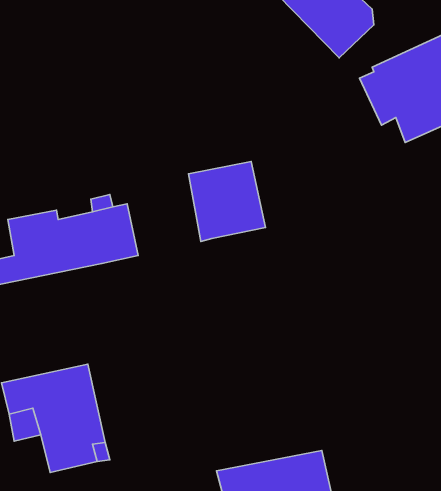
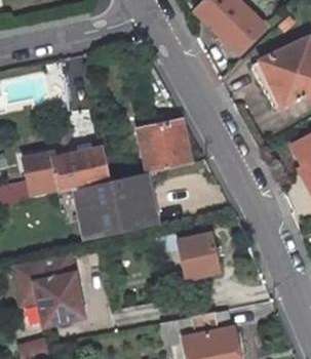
building: none -> [82,170,165,236]
building: none -> [177,234,218,278]

